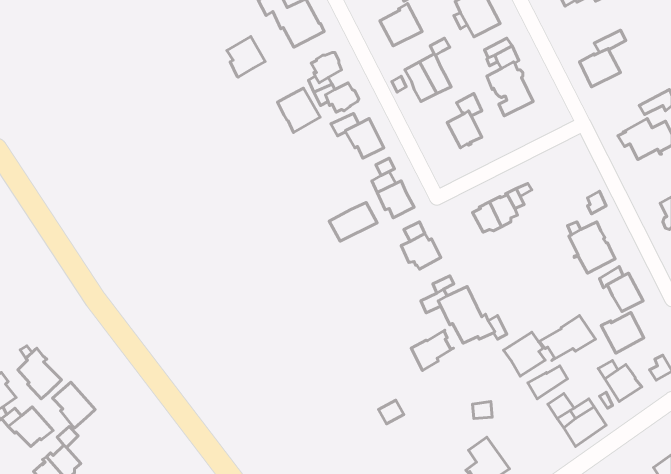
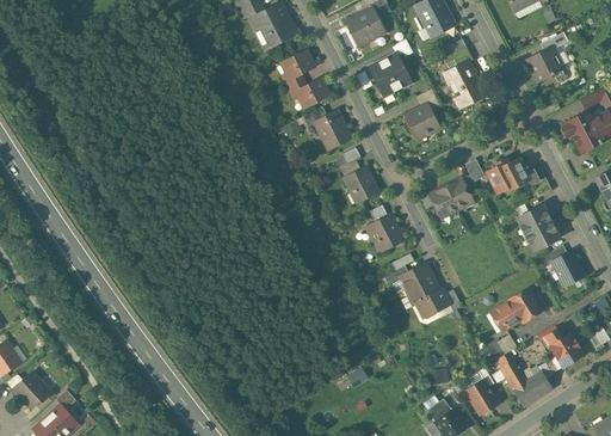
building: [227,37,265,77] -> none
building: [277,88,320,133] -> none
building: none -> [486,159,529,195]
building: [329,203,377,241] -> none
building: [601,313,644,353] -> none
building: [411,330,453,370] -> none
building: [503,332,545,376] -> none
building: [18,348,61,399] -> none
building: [53,382,95,428] -> none
building: none -> [464,381,498,412]

